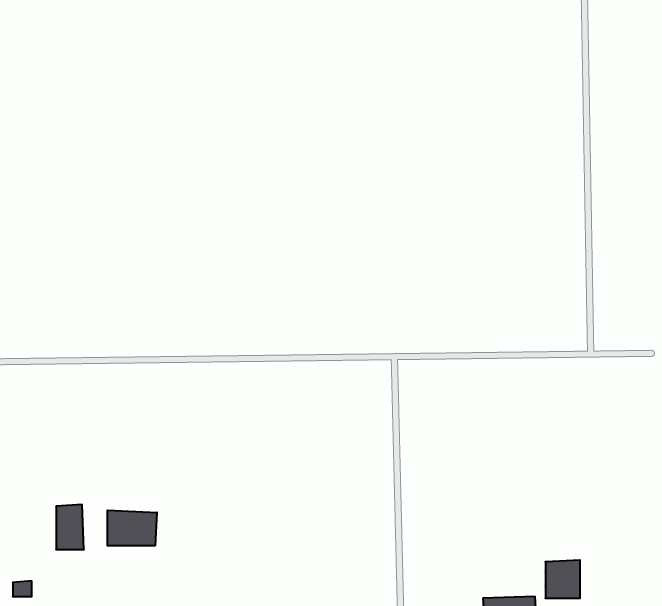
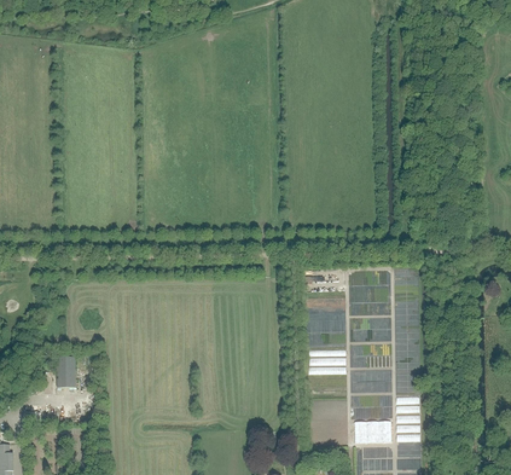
building: [107,510,157,546] -> none

